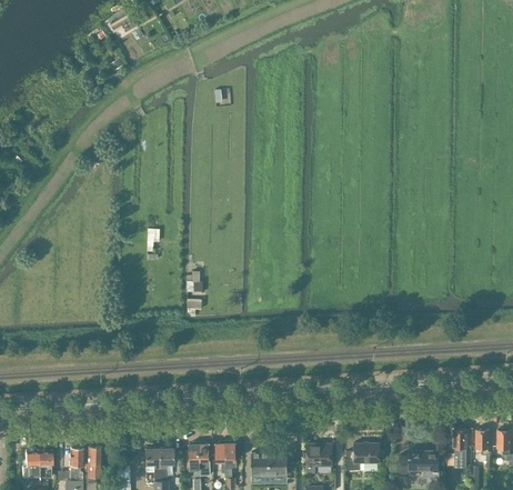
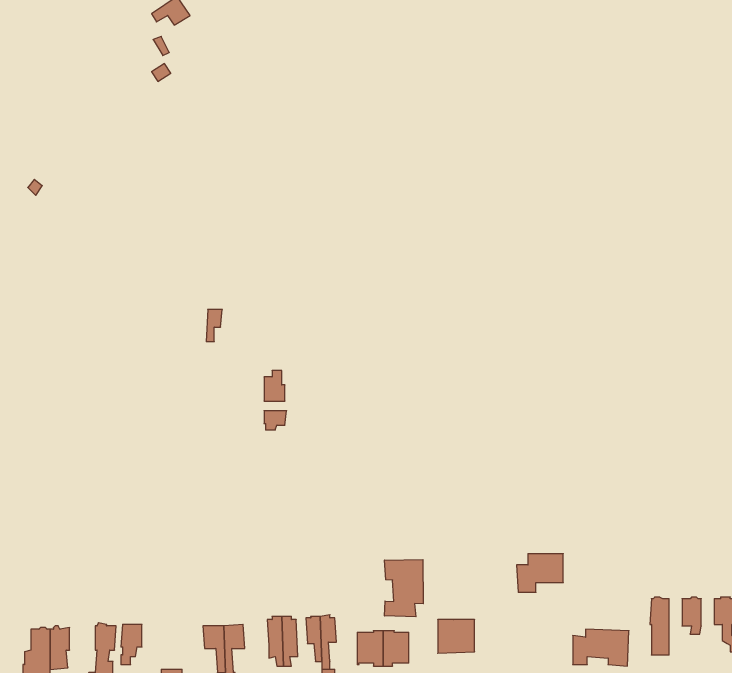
building: none -> [385,560,423,617]
building: [346,444,379,471] -> [517,554,563,592]

